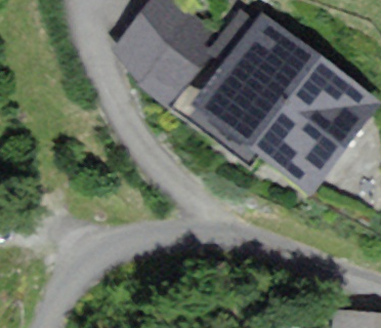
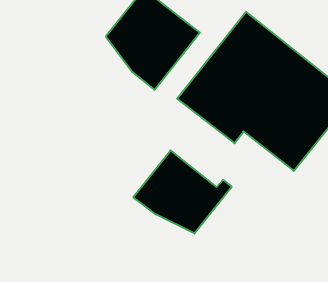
building: none -> [133,150,232,234]

